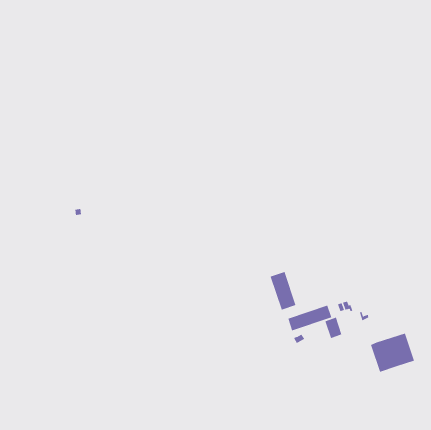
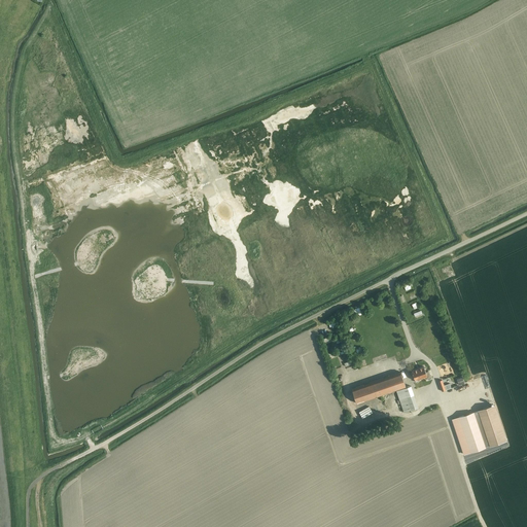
building: [270,271,296,310] -> none

